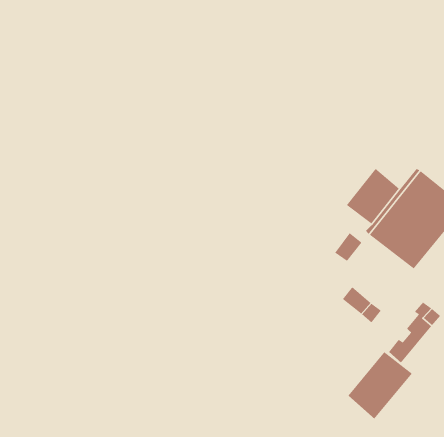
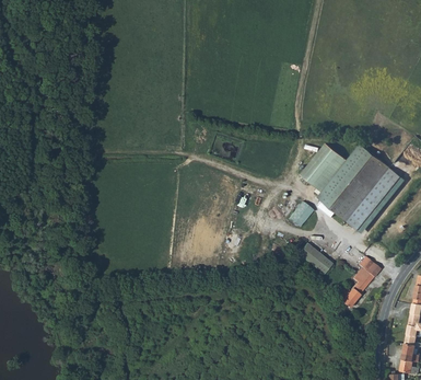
building: [347,351,413,419] -> none

